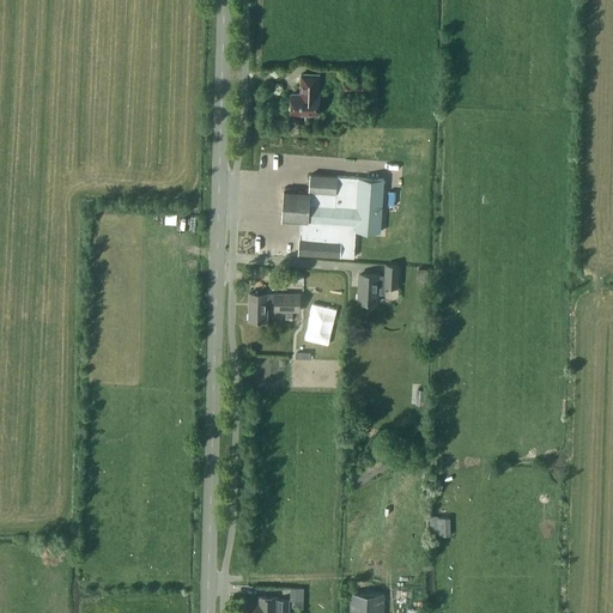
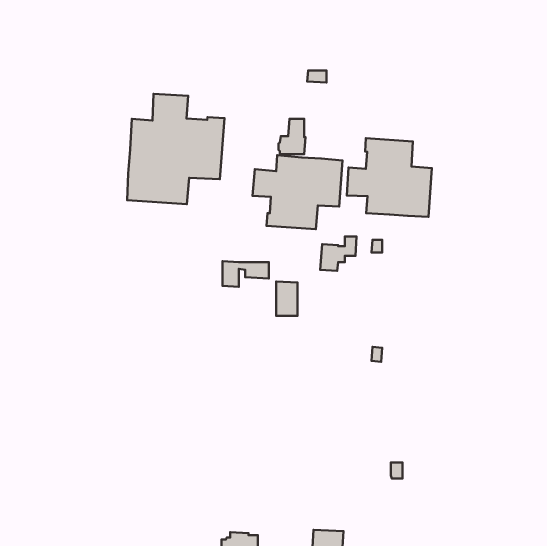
building: [290,75,320,115] -> [279,119,305,154]
building: none -> [127,94,224,204]
building: none -> [347,138,432,217]

